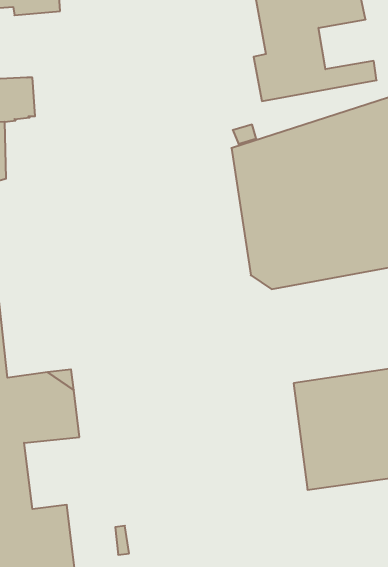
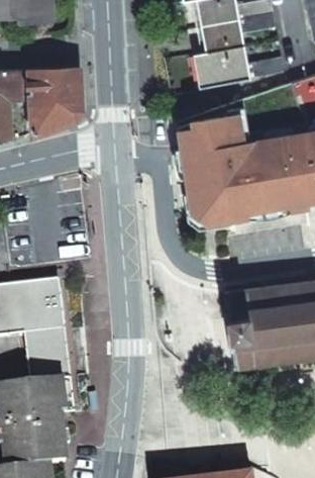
building: none -> [28,68,84,137]
building: none -> [25,333,77,417]

